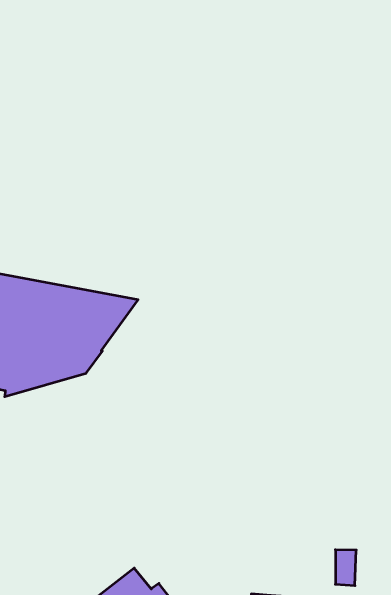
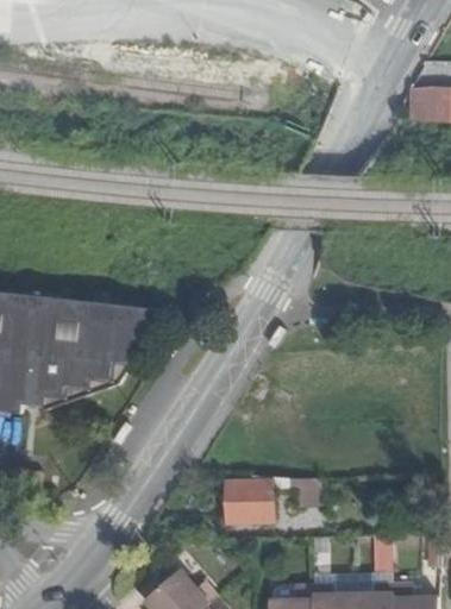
building: none -> [223,476,315,522]

